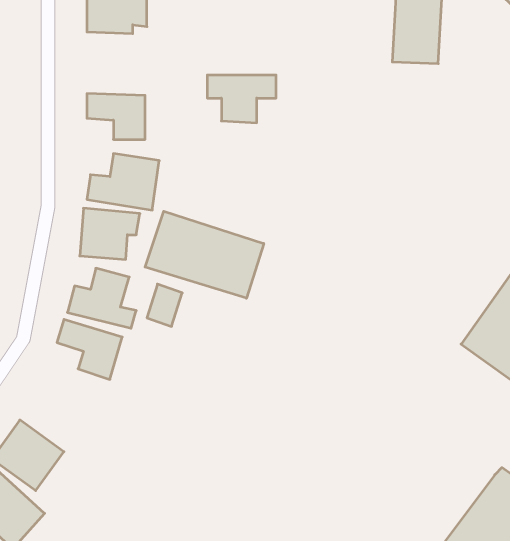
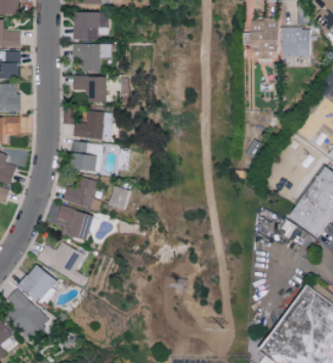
building: none -> [281,28,309,57]
building: [207,75,276,123] -> [73,44,113,72]
building: [145,211,264,298] -> none
building: none -> [36,242,87,285]

